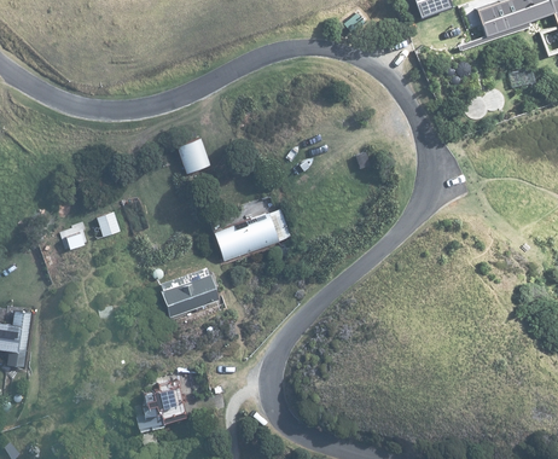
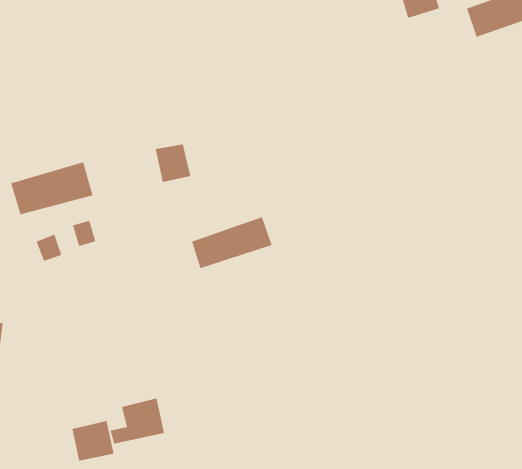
building: none -> [10,161,93,215]
building: [155,267,217,319] -> none
building: none -> [72,420,114,461]

